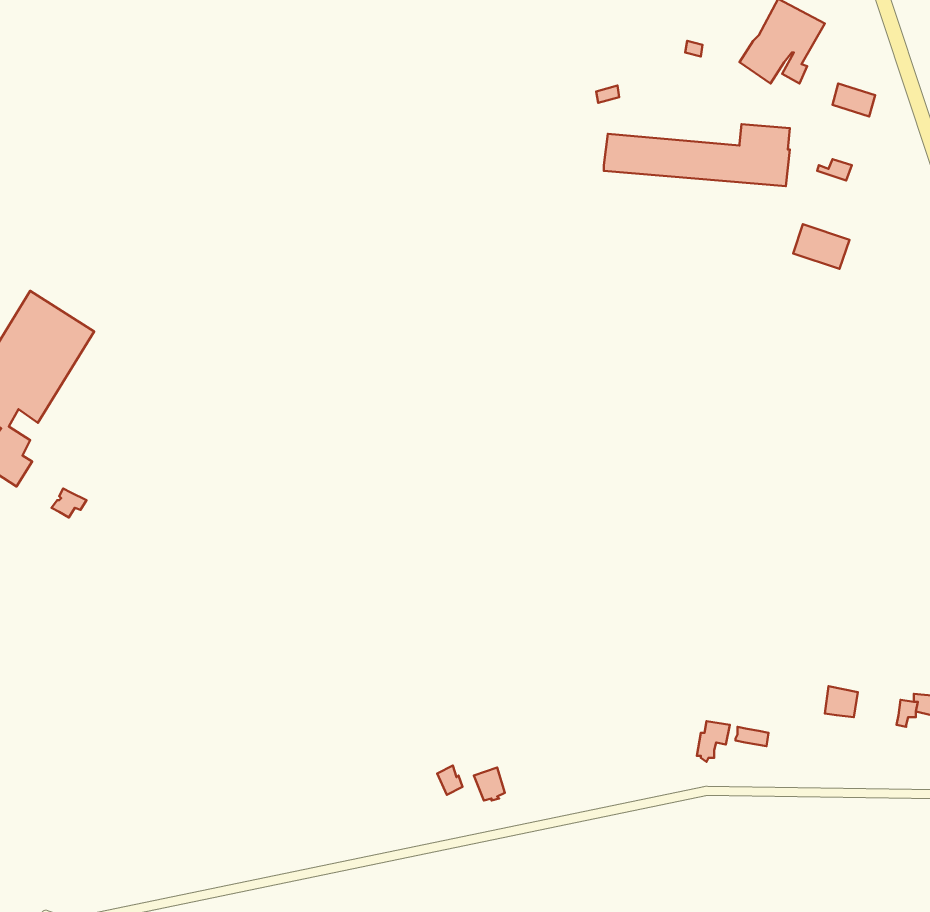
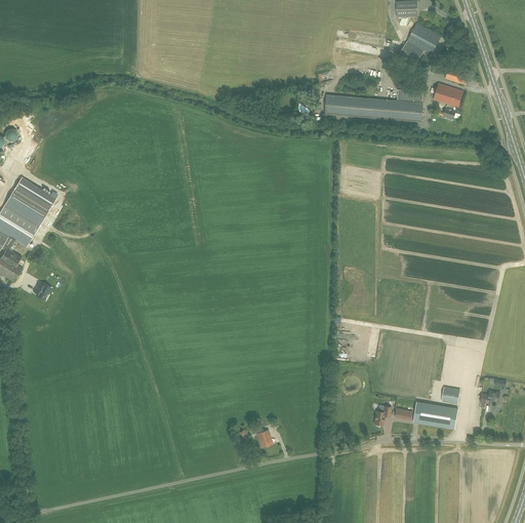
building: [793,224,849,269] -> [433,83,462,107]
building: none -> [413,402,457,429]

